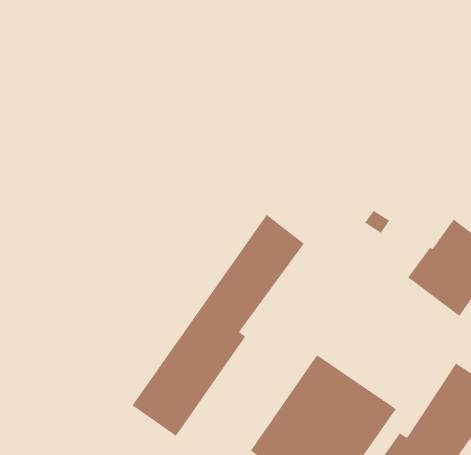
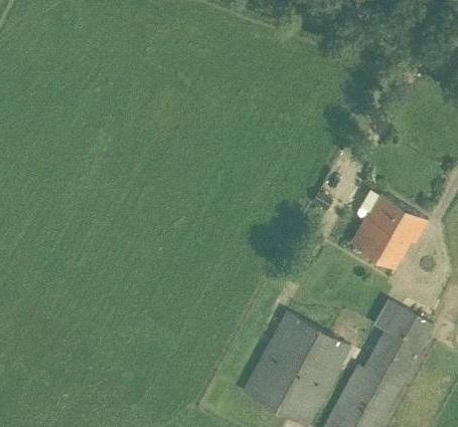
building: [132,214,305,437] -> none

